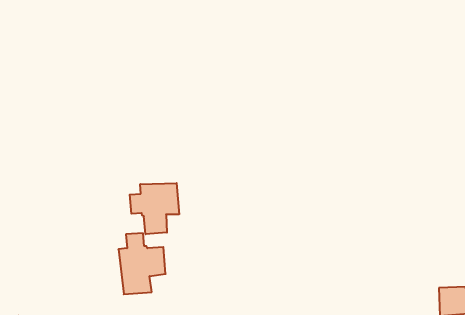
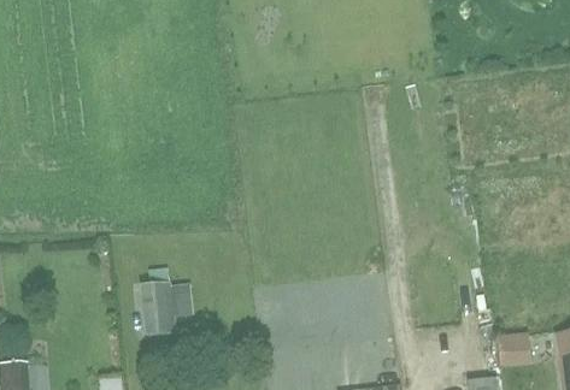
building: [130,183,179,234] -> none

